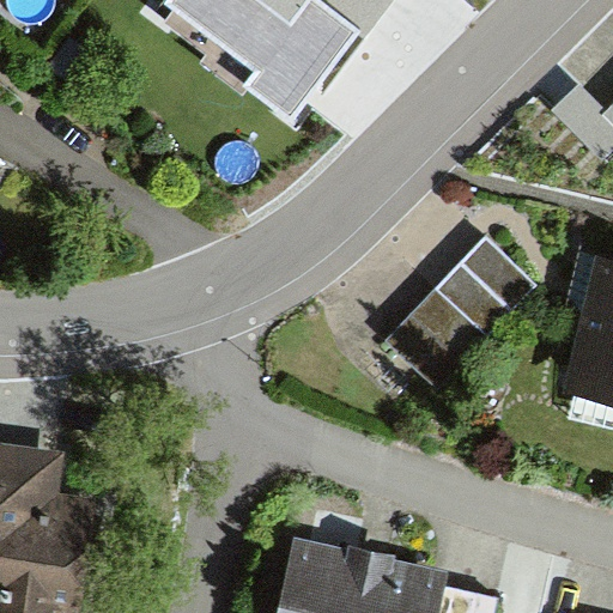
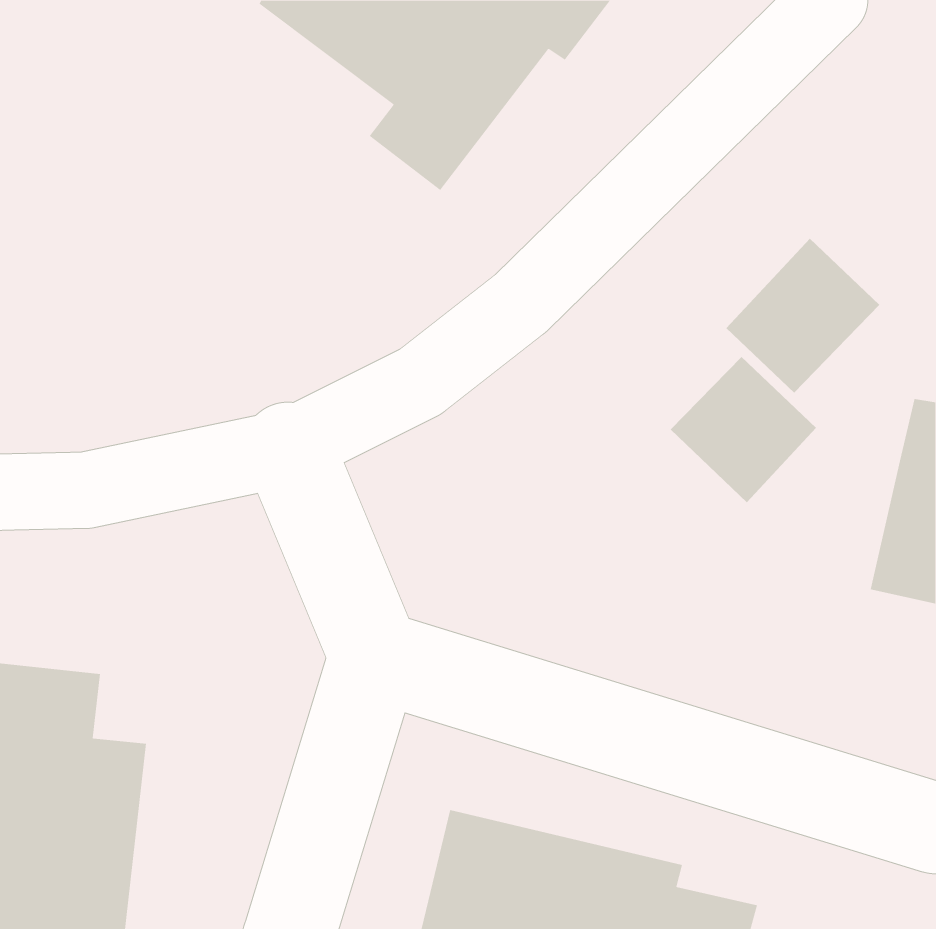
building: none -> [726,238,880,393]
building: [387,286,487,387] -> none

